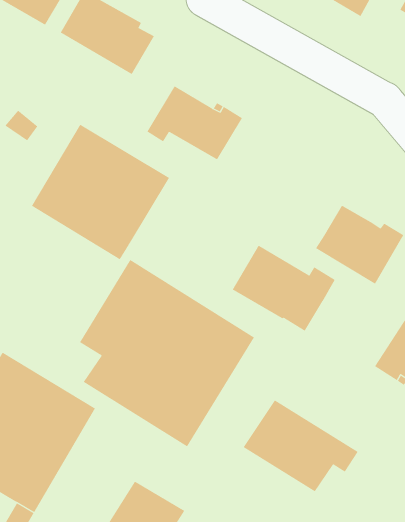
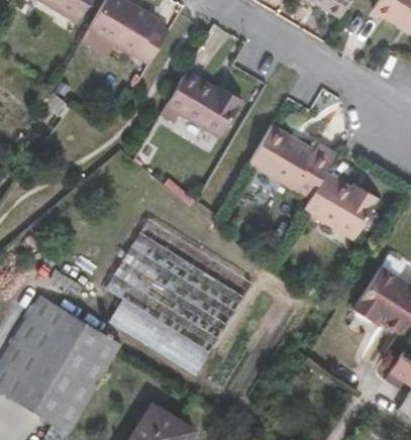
building: [31,124,170,260] -> none
building: [232,245,335,332] -> [248,125,335,198]
building: [243,400,358,492] -> none

